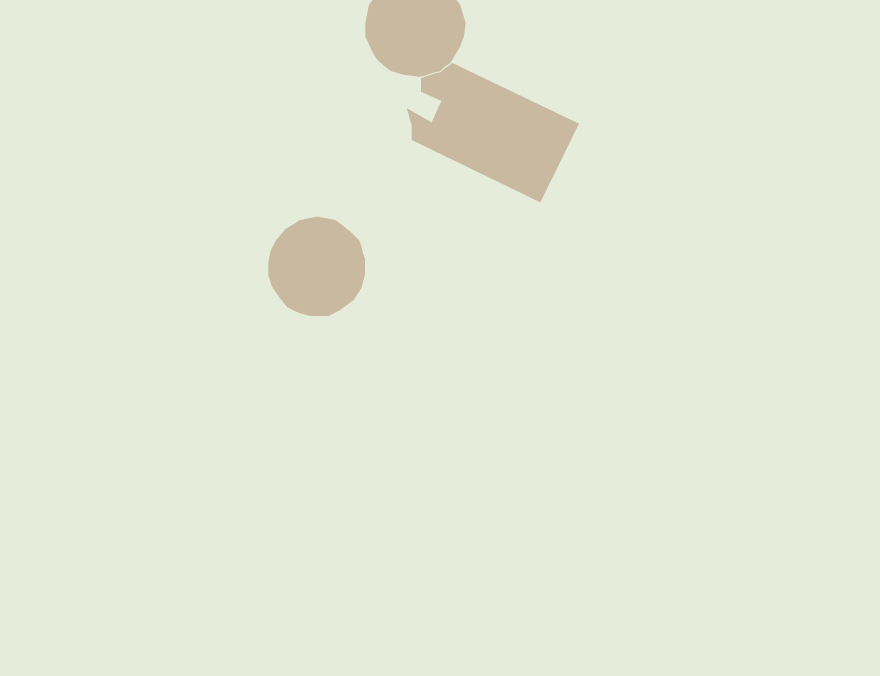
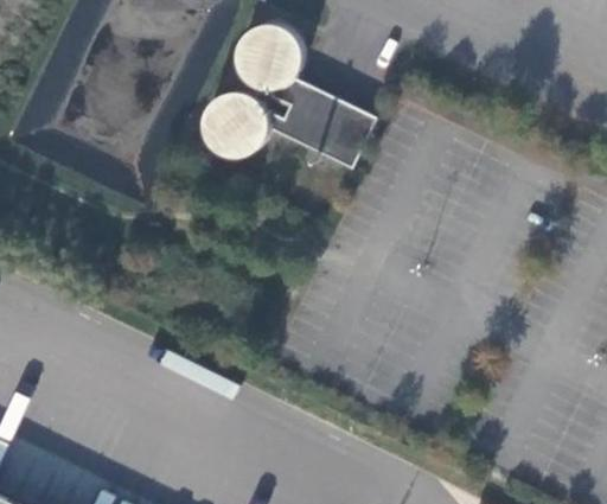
building: [268,216,366,316] -> [202,94,264,158]

